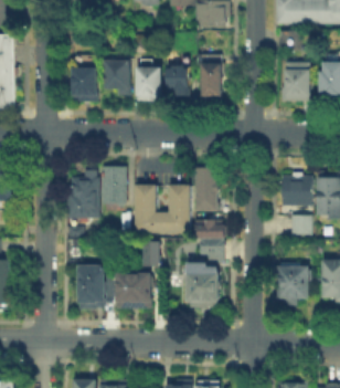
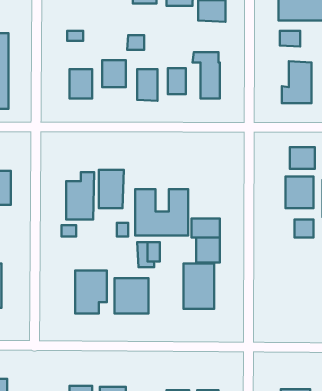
building: none -> [290,147,315,169]
building: [195,170,217,212] -> none
building: [278,265,310,298] -> none

